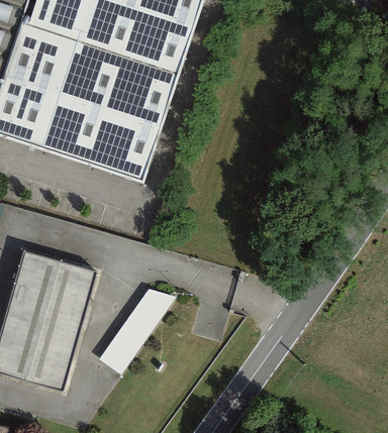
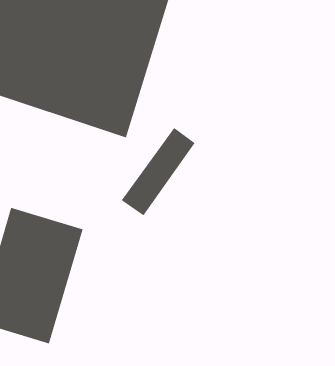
building: [97,280,173,369] -> [121,127,196,216]

